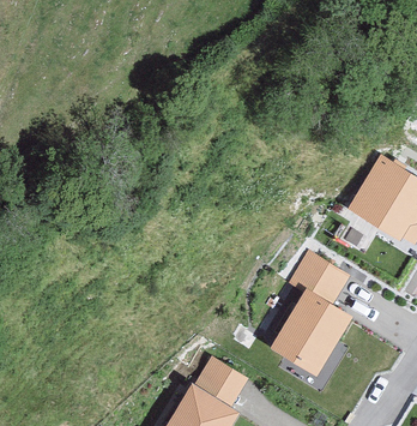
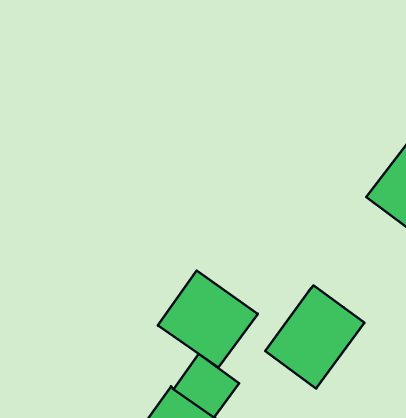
building: [286,248,351,305] -> none
building: none -> [158,271,258,368]

